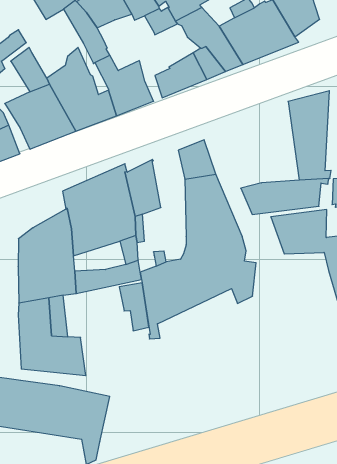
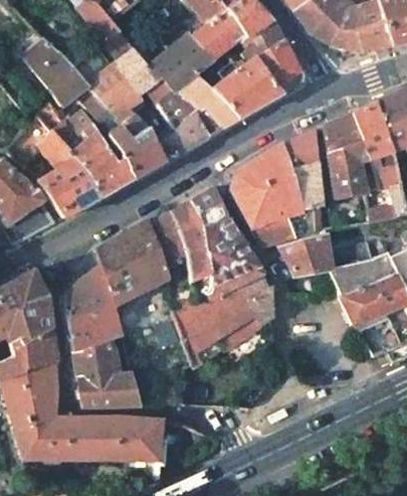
building: none -> [108,96,149,139]
building: none -> [158,92,199,130]
building: none -> [54,110,93,154]
building: none -> [231,145,299,225]
building: none -> [171,200,209,282]

